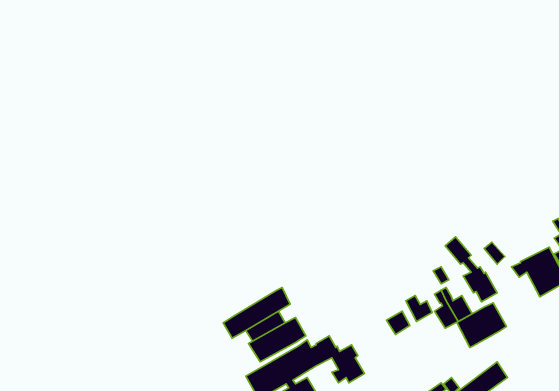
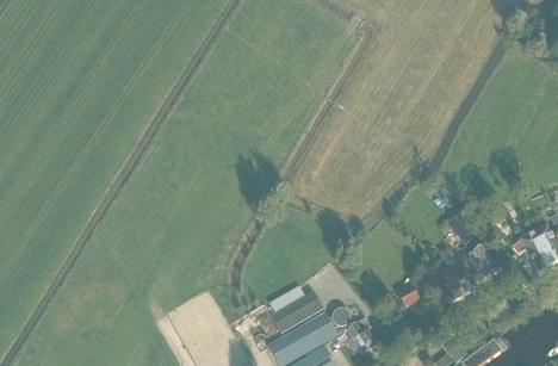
building: [223,287,290,338] -> none
building: [457,303,506,347] -> none

